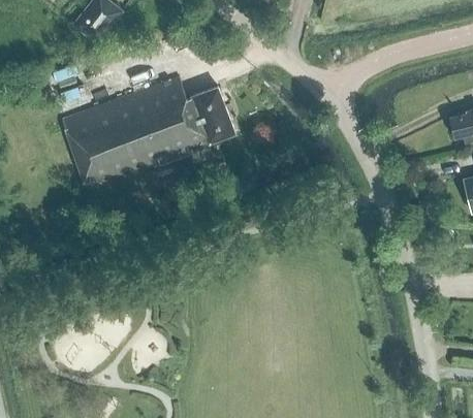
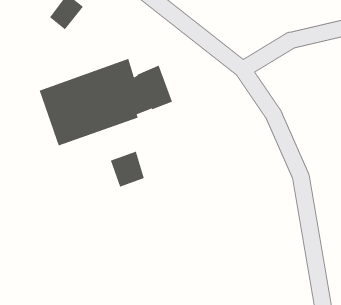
building: none -> [110,151,145,187]

